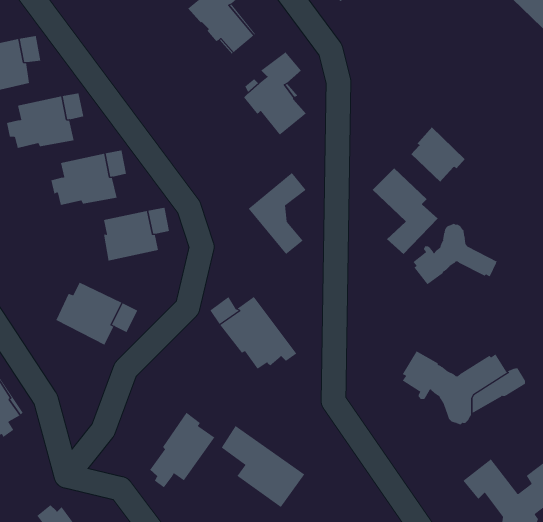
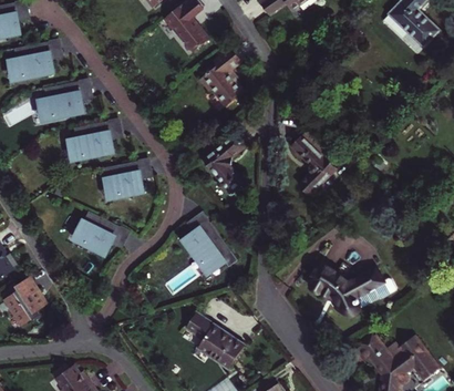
building: [410,126,466,183] -> none
building: [413,223,498,285] -> none
building: [149,412,215,488] -> none

